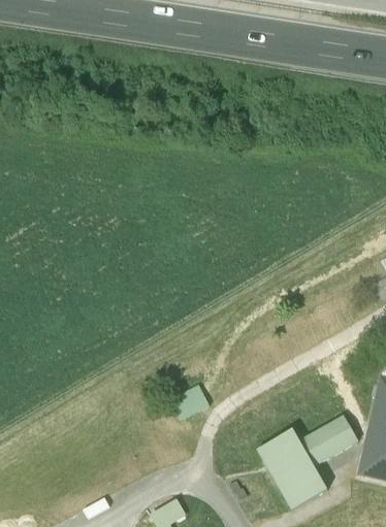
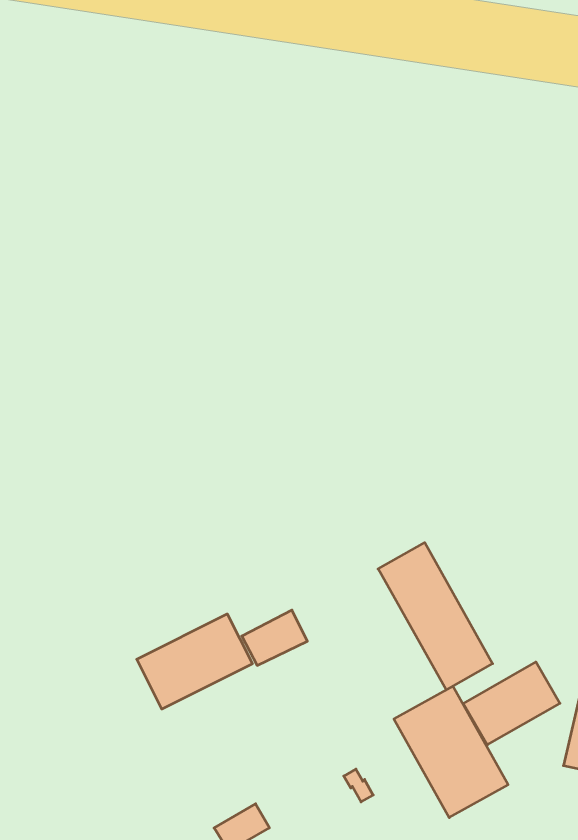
building: none -> [378,543,493,690]
building: none -> [137,614,252,709]

